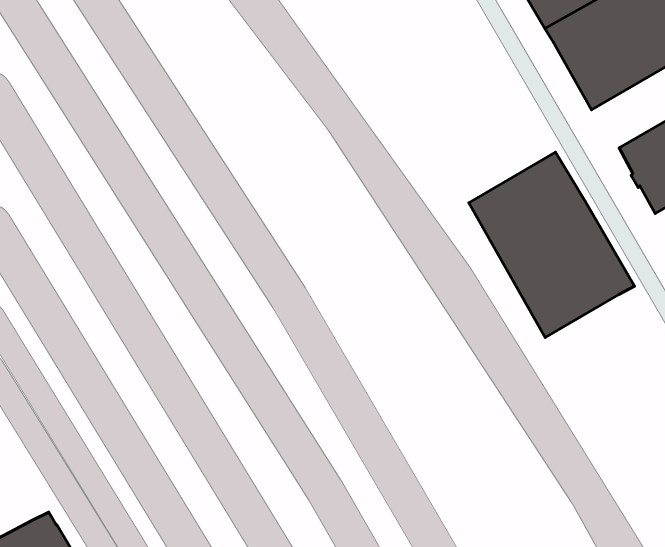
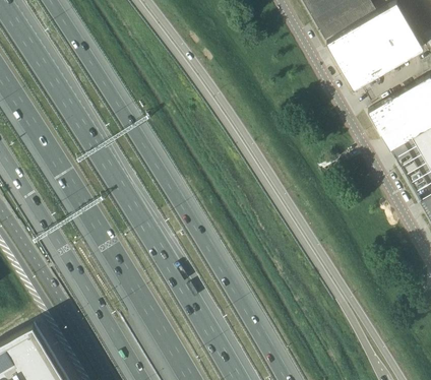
building: [469,152,635,337] -> none

